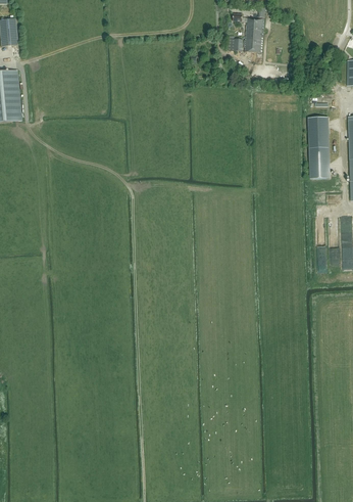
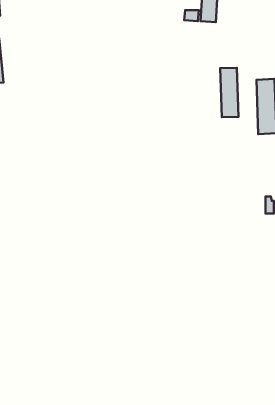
building: none -> [220,68,238,117]

